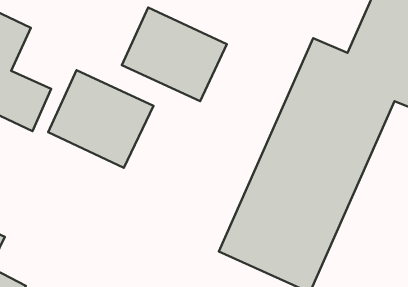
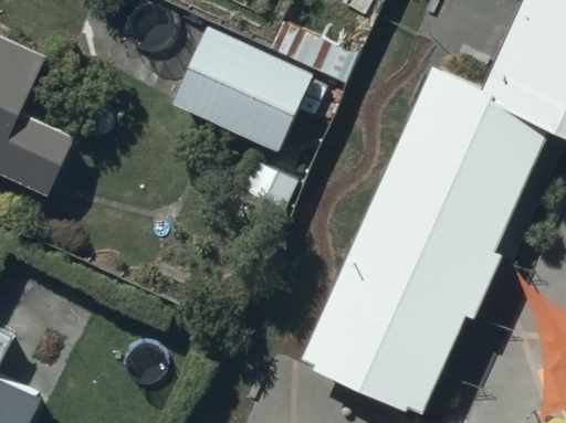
building: [48,70,153,168] -> none

